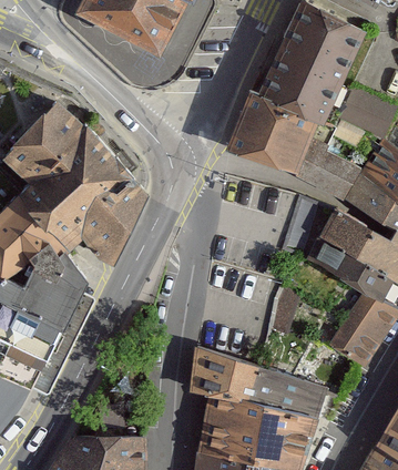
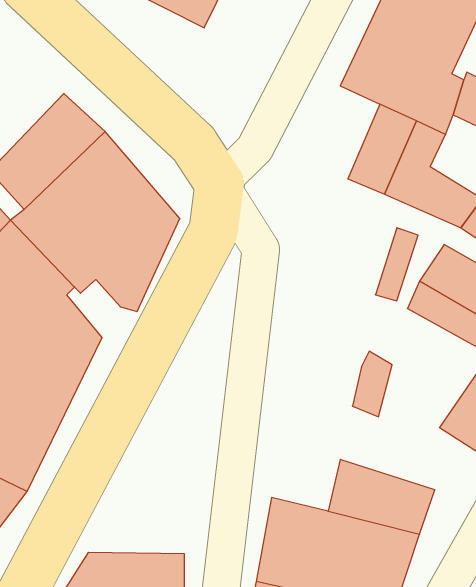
building: [229,92,288,163] -> none
building: [193,348,259,405] -> none

